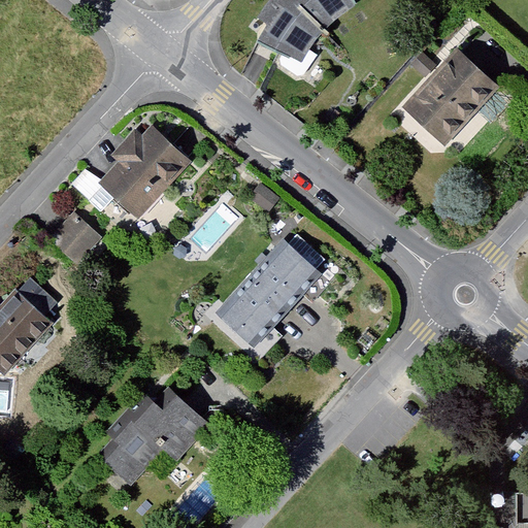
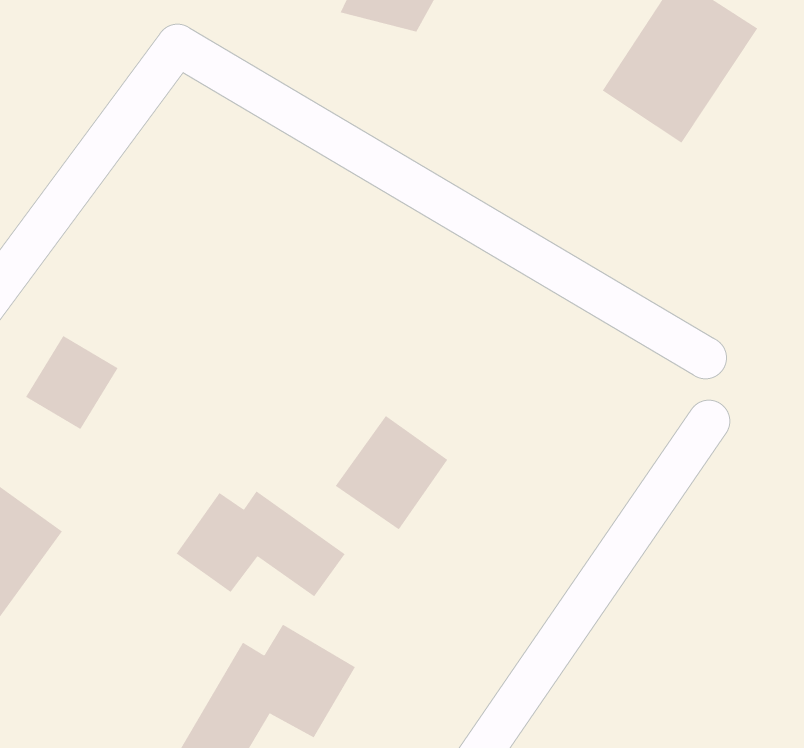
building: [92,126,190,222] -> none
building: [251,242,320,311] -> none
building: none -> [176,490,345,597]

